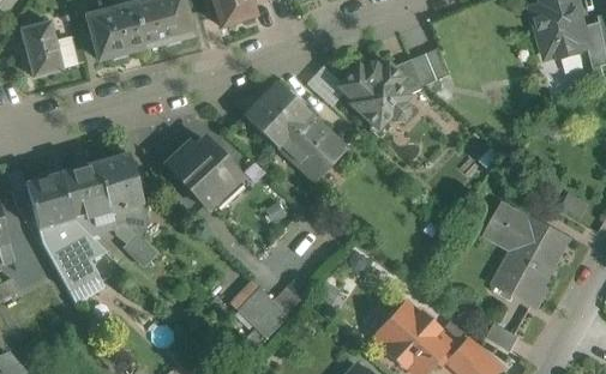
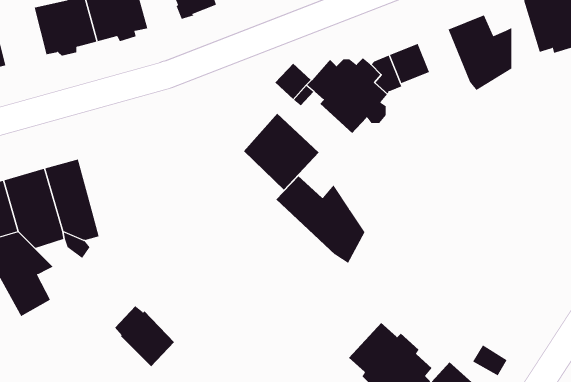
building: none -> [448,15,512,91]
building: [246,82,310,146] -> none
building: [166,139,242,209] -> none
building: none -> [275,175,365,264]
building: [486,204,570,308] -> none
building: [233,282,288,338] -> [114,305,175,367]

